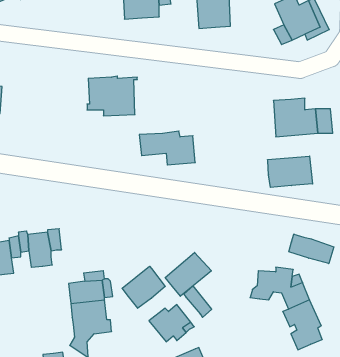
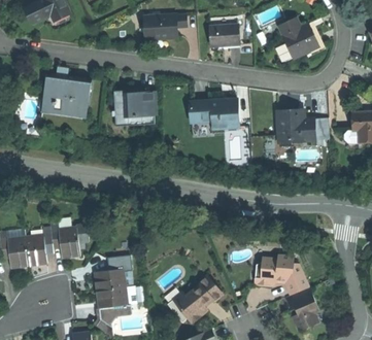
building: none -> [43,68,90,115]
building: [139,131,195,165] -> [190,99,239,129]
building: [268,156,313,187] -> none
building: [289,234,334,264] -> none
building: [165,252,211,296] -> none
building: [122,266,165,308] -> none

